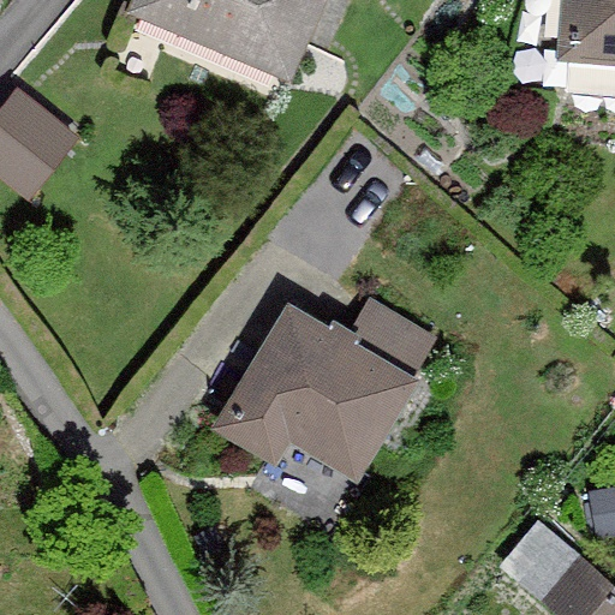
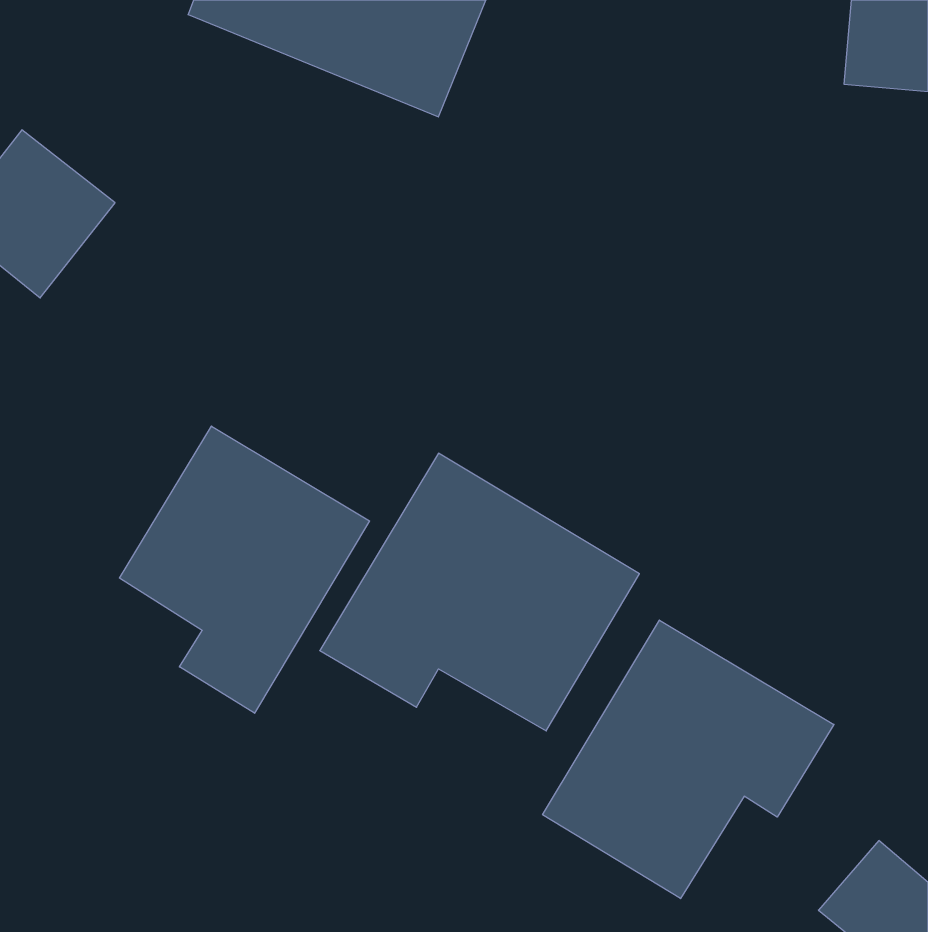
building: none -> [119,426,370,713]
building: none -> [543,620,834,899]

